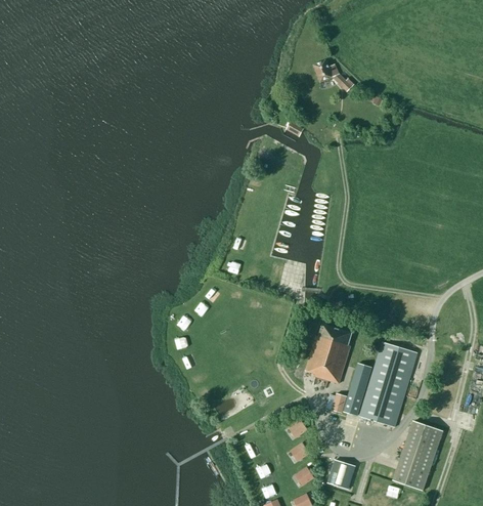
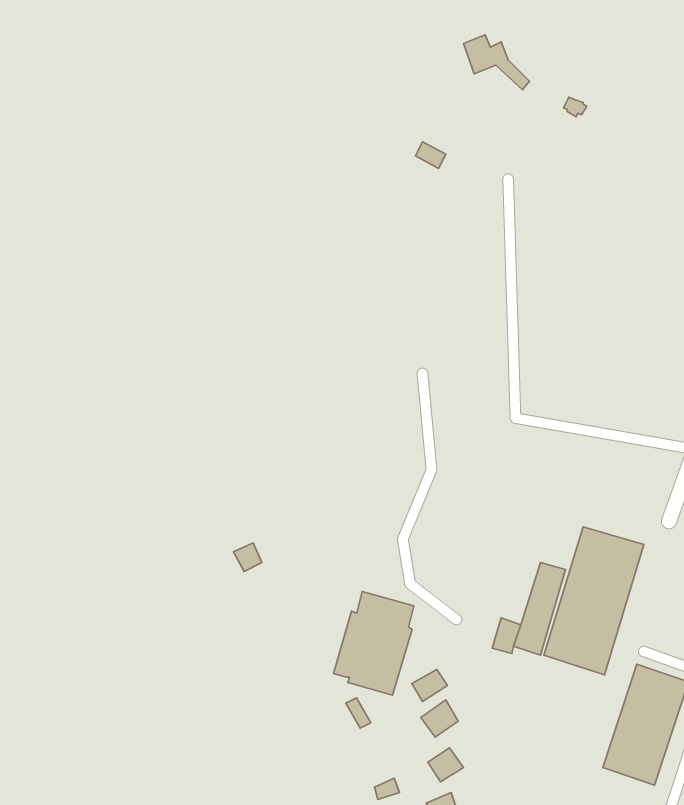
building: [305,324,351,383] -> [334,592,414,695]
building: [326,459,355,489] -> none

